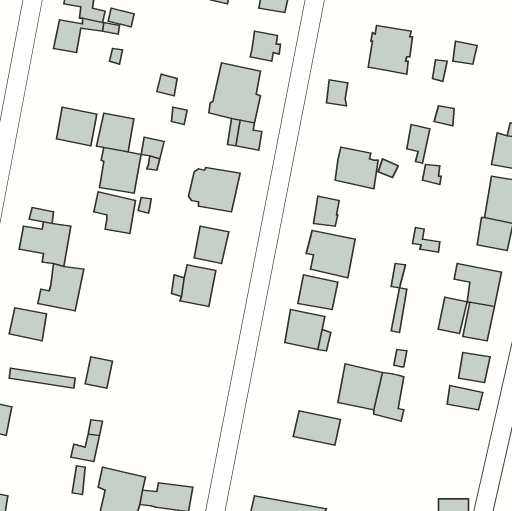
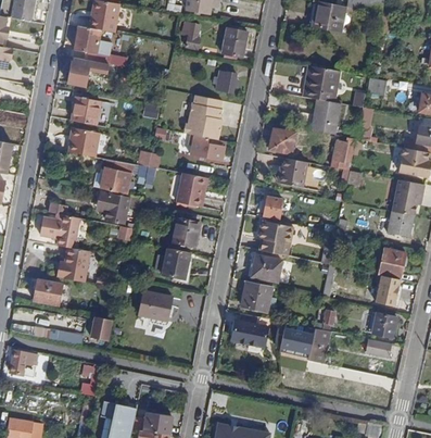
building: none -> [310,99,339,135]
building: none -> [269,128,294,152]
building: [97,113,134,152] -> [71,96,99,125]
building: [438,297,467,334] -> none
building: none -> [139,290,170,320]
building: [293,411,341,445] -> [231,320,267,346]

